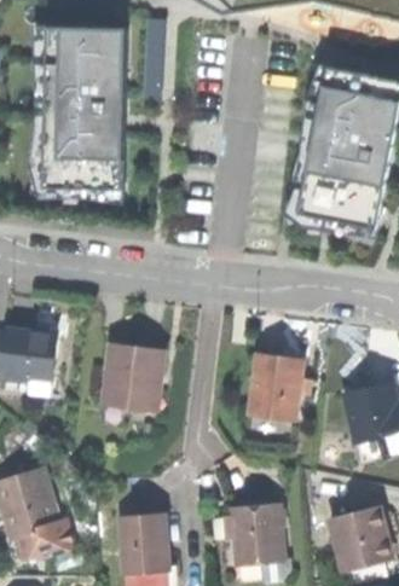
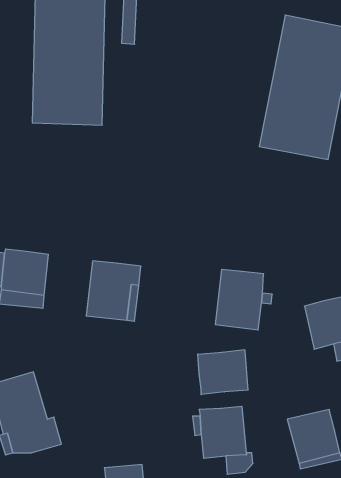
building: none -> [198,350,248,395]
building: [118,512,164,573] -> none

